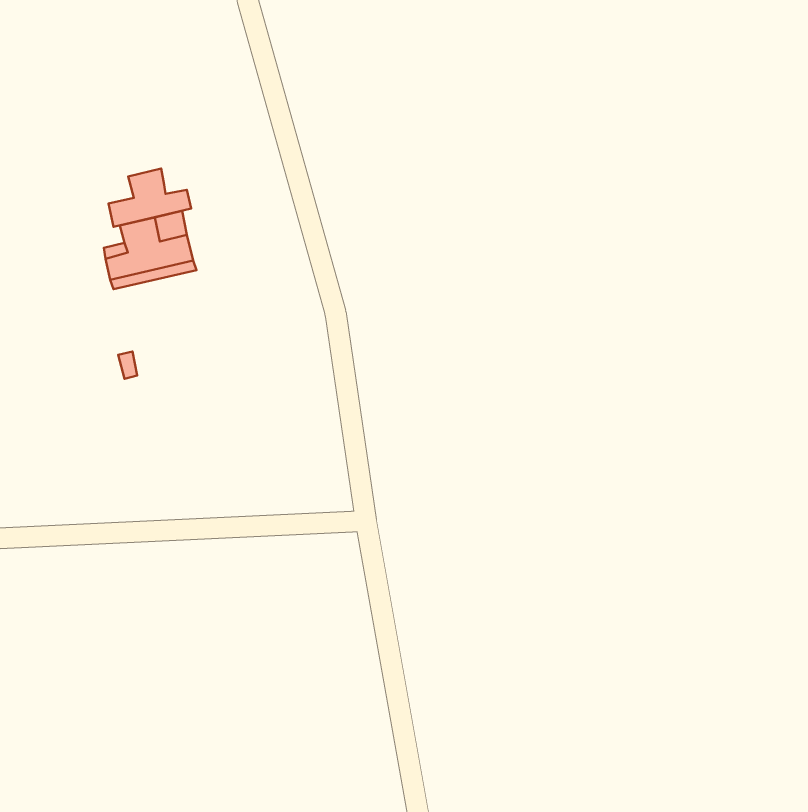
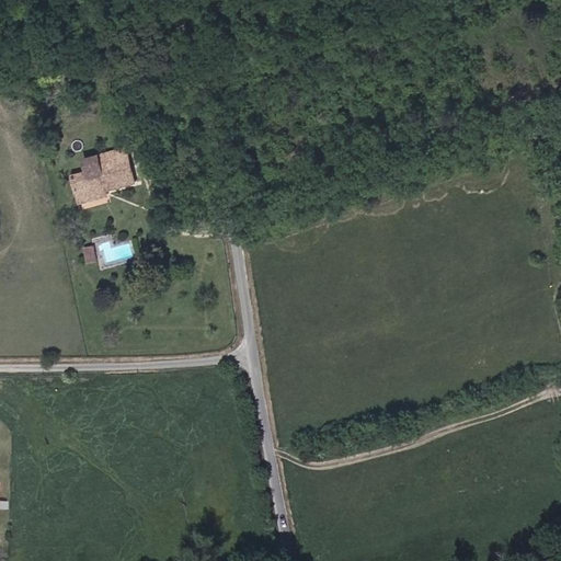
building: [108,169,191,227] -> none

